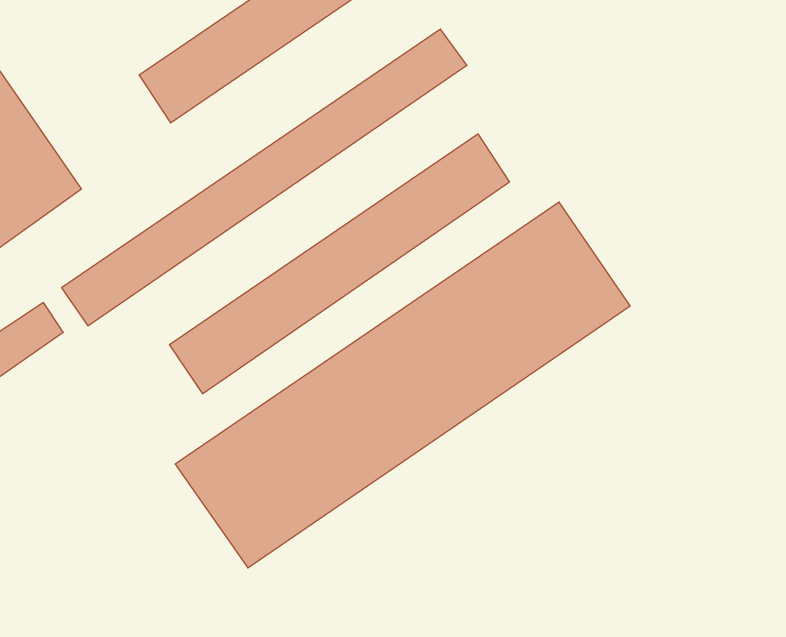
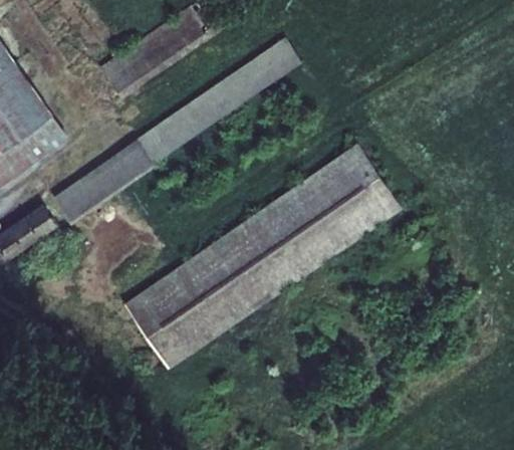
building: [169,134,509,394] -> none

